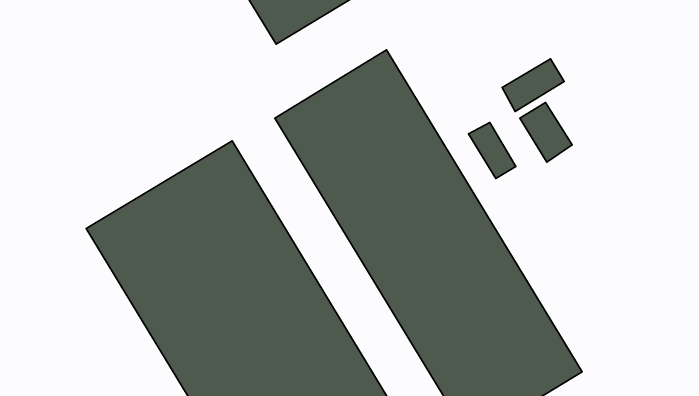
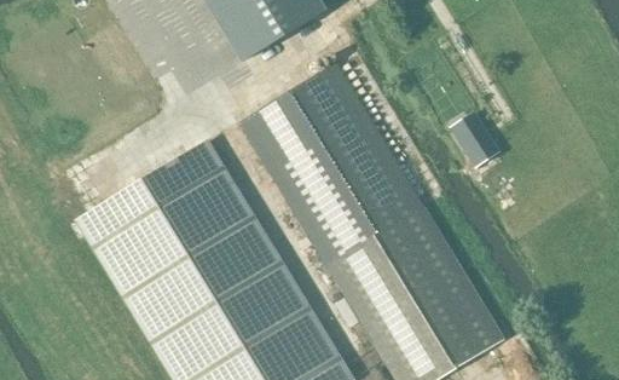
building: [502,59,564,111] -> none
building: [469,122,516,179] -> none

